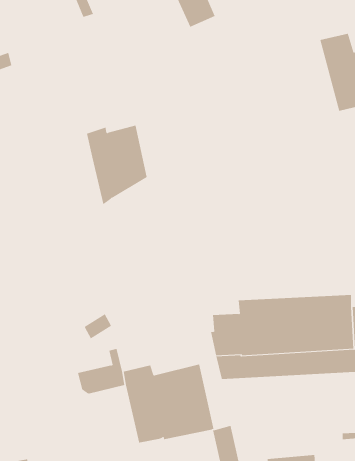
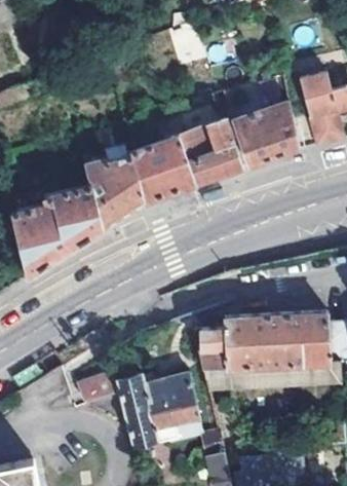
building: none -> [231,99,298,164]
building: none -> [128,116,240,202]
building: none -> [10,184,100,275]

